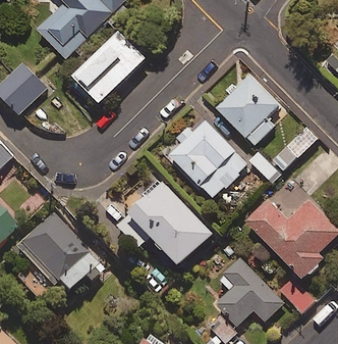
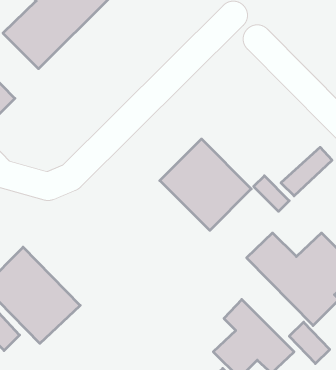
building: [72,32,146,105] -> none
building: [214,73,280,139] -> none
building: [126,180,214,266] -> none

